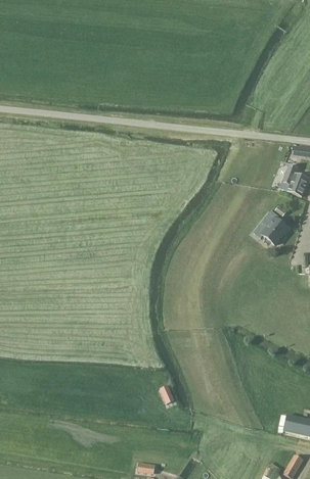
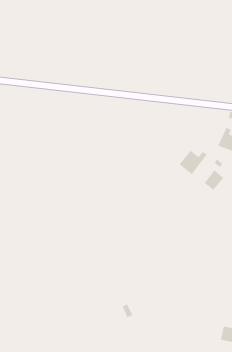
building: none -> [179,150,207,175]

